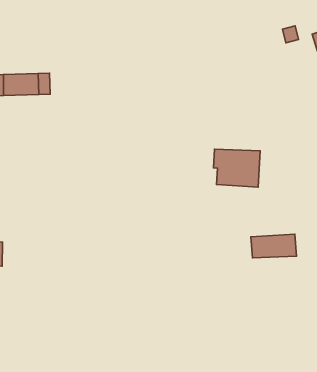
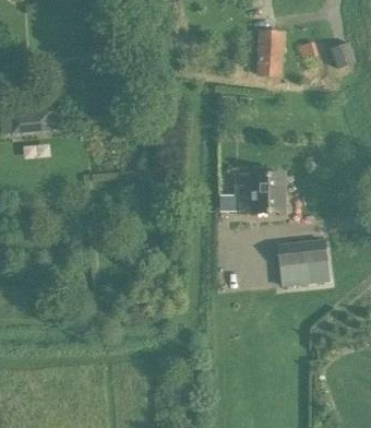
building: none -> [258,31,282,75]
building: none -> [277,239,325,264]

